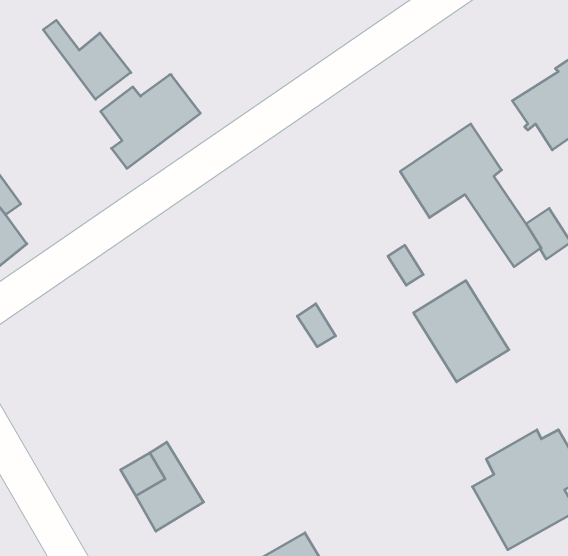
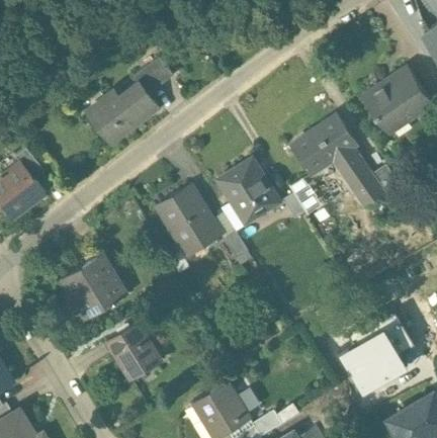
building: [43,20,131,99] -> none
building: none -> [135,56,174,93]
building: none -> [157,184,223,250]
building: [414,281,509,382] -> [217,158,280,225]
building: none -> [68,254,127,317]

